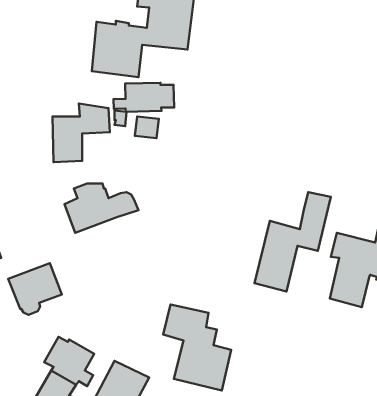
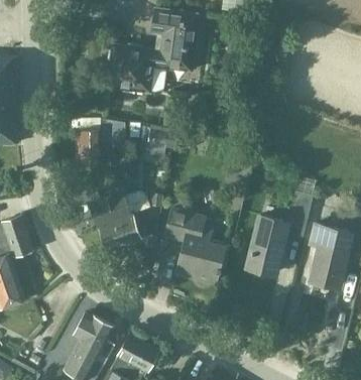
building: [114,83,174,112] -> none
building: [8,263,62,315] -> [97,213,142,256]
building: [163,304,231,391] -> [164,212,222,284]

